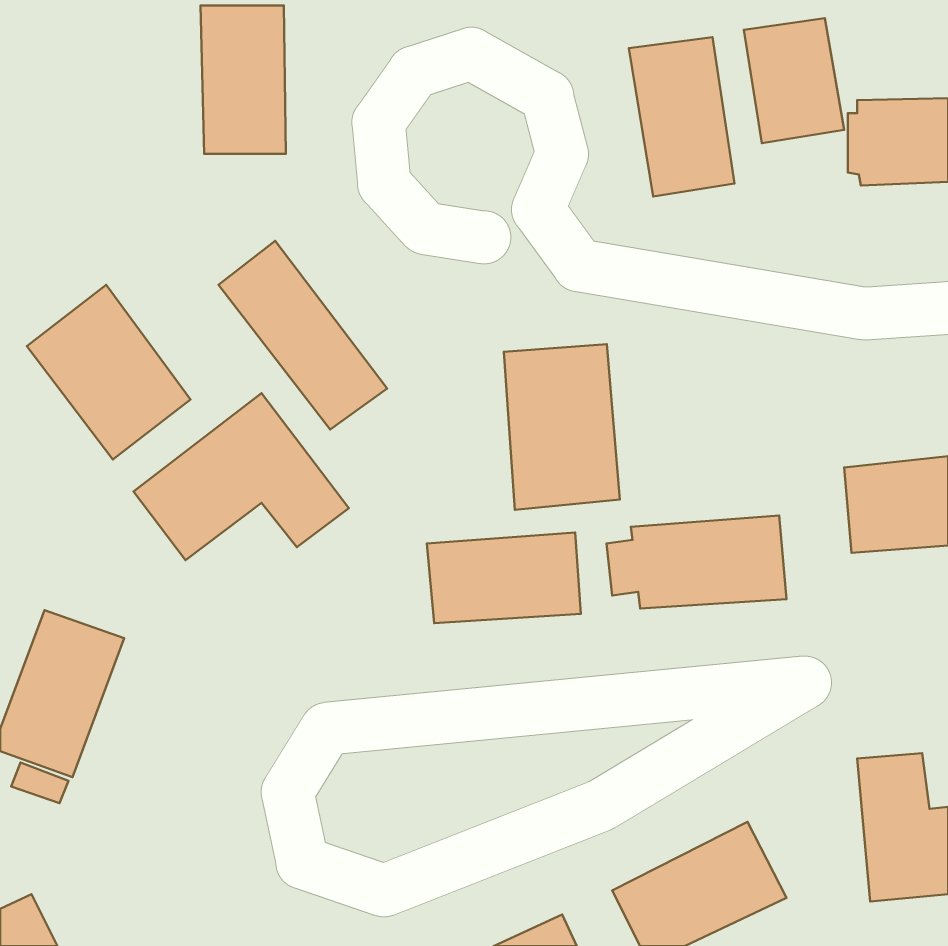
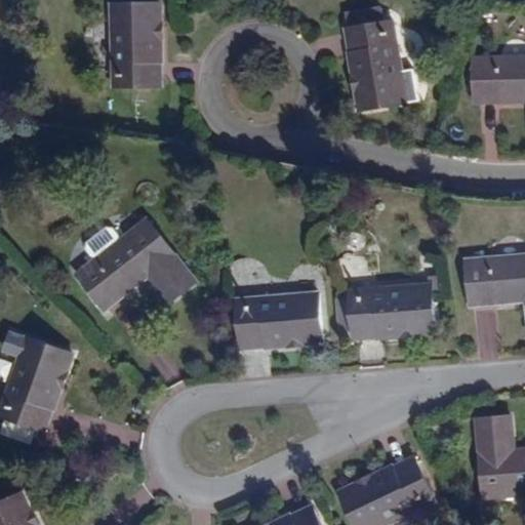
building: [744,18,844,143] -> none
building: [219,241,387,429] -> none
building: [27,285,190,460] -> none
building: [504,344,620,510] -> none

